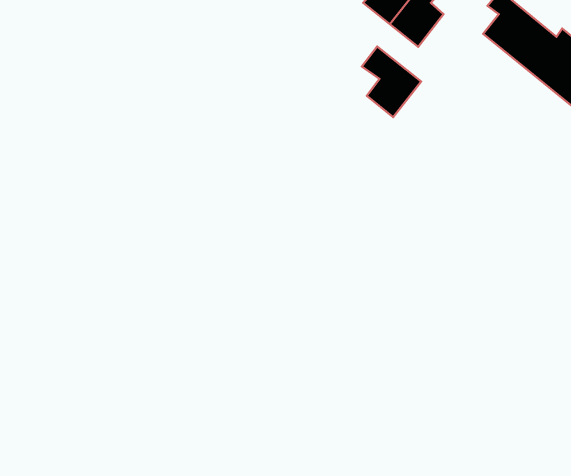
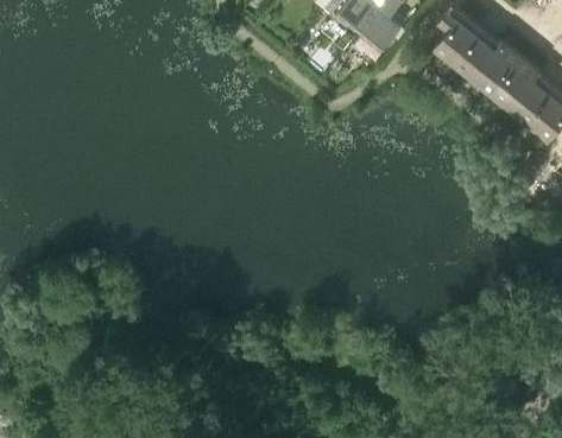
building: [362,47,421,117] -> none

